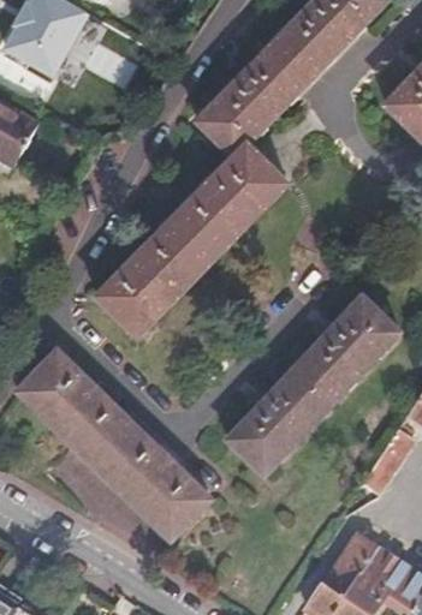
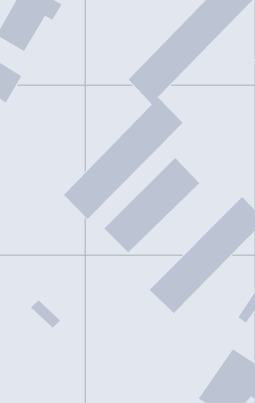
building: none -> [103,157,200,253]
building: [19,350,208,537] -> none

